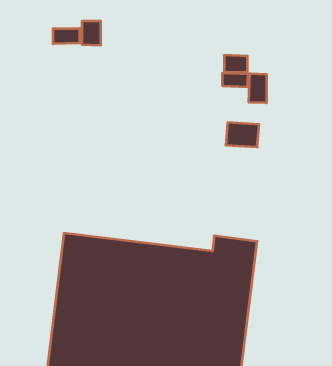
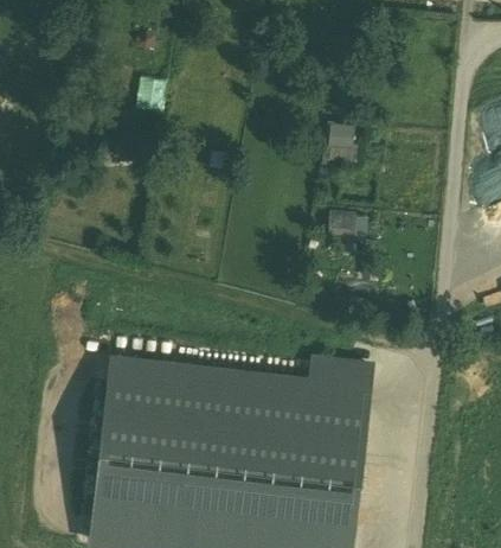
building: [53,28,80,44] -> none
building: [249,74,266,103] -> none

